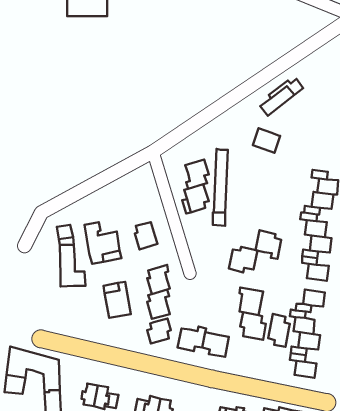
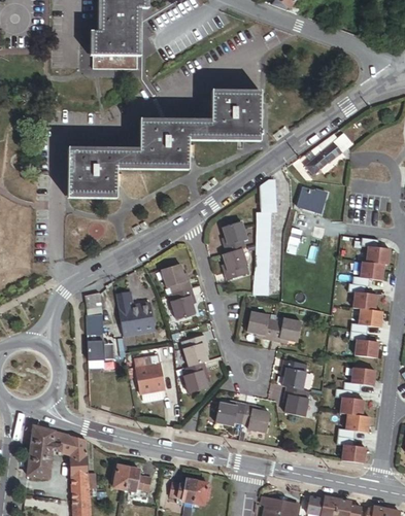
building: none -> [74,88,264,197]
building: none -> [259,181,275,213]
building: none -> [159,267,190,296]
building: [256,230,281,259] -> [246,311,274,342]
building: [268,314,290,347] -> none
building: [147,319,171,344] -> none

